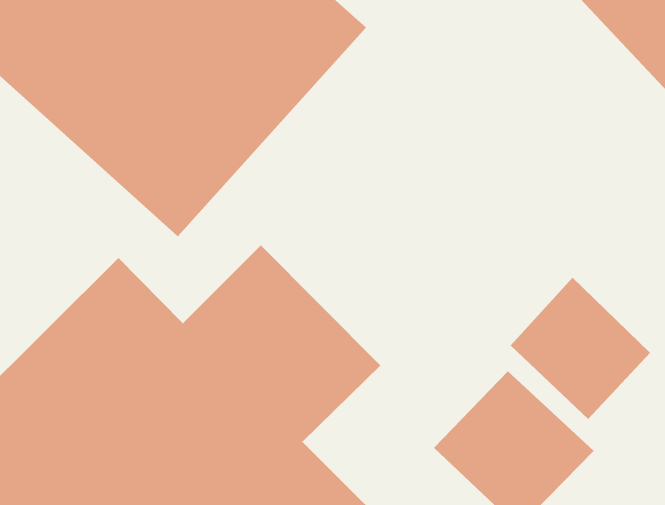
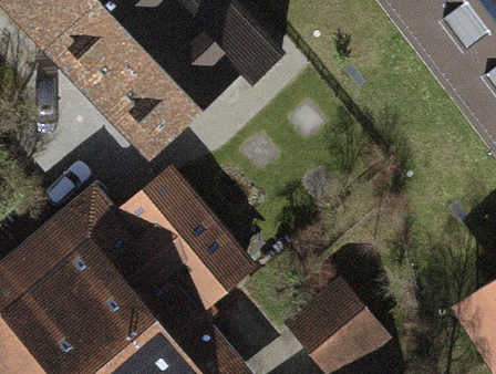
building: [510,277,651,420] -> none

